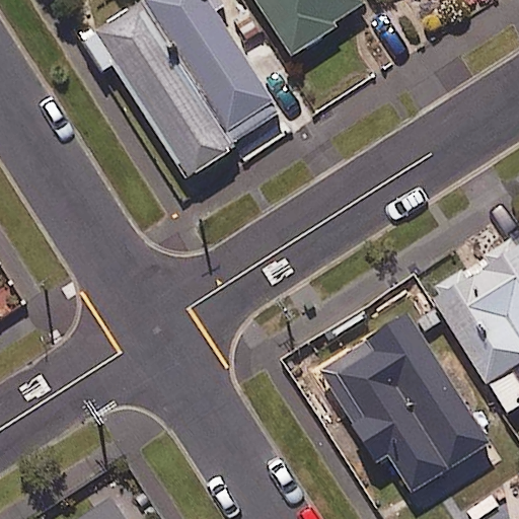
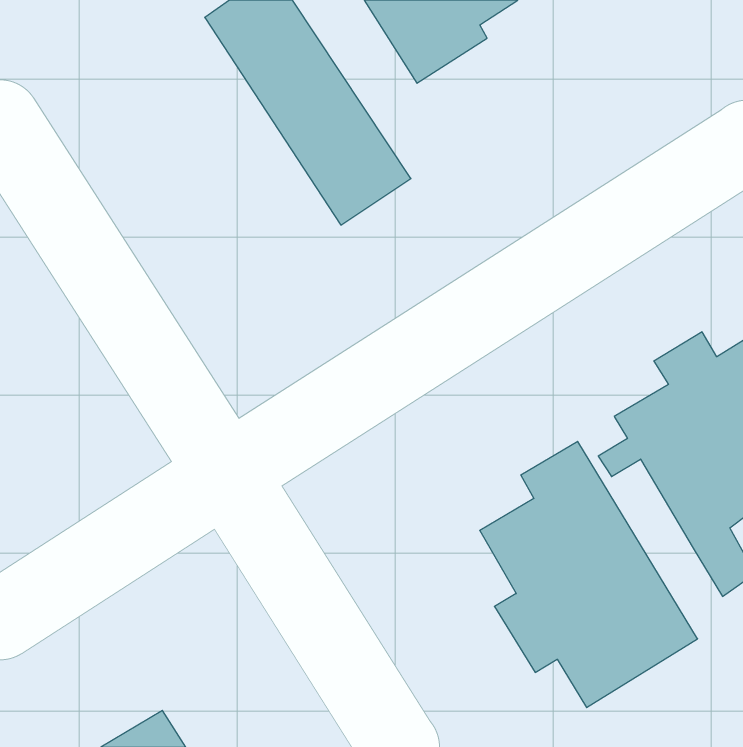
building: [88,12,239,186] -> none

